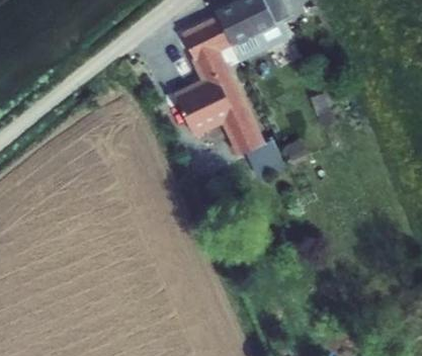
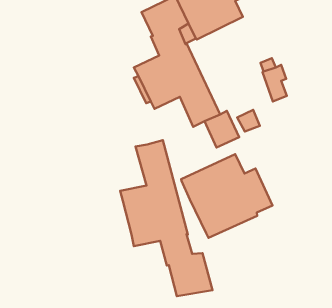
building: none -> [120,140,212,296]
building: none -> [181,154,272,238]

